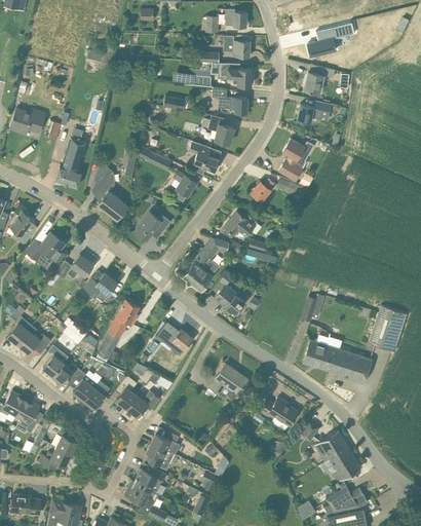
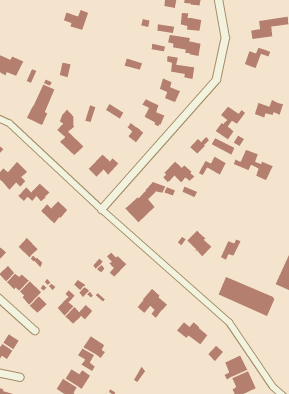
building: [297,99,331,122] -> [254,99,284,118]
building: none -> [233,149,274,181]
building: none -> [198,156,227,176]
building: [214,284,244,315] -> [187,229,212,257]
building: [98,298,140,360] -> none

